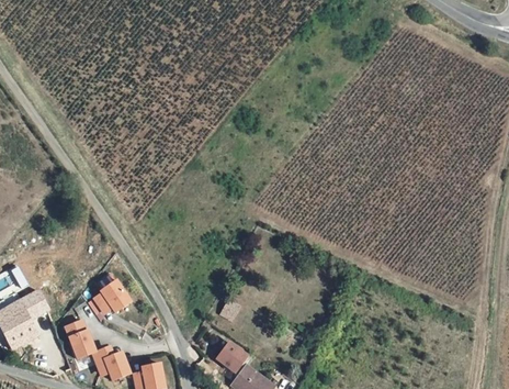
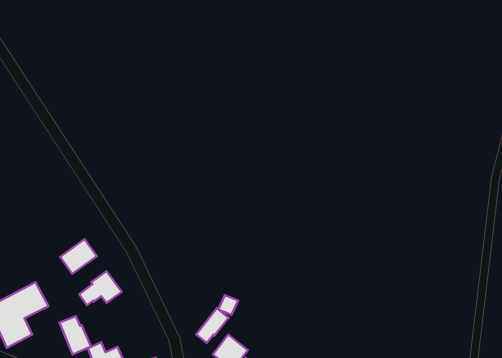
building: none -> [60,239,97,274]
building: none -> [196,308,229,343]

